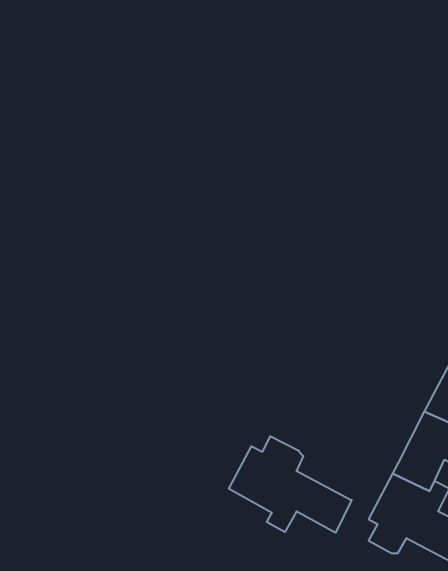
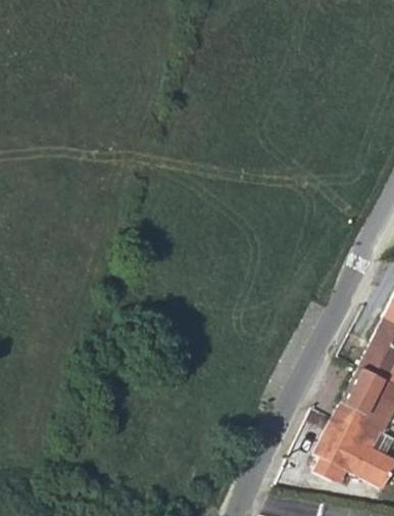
building: [229,436,352,533] -> none

